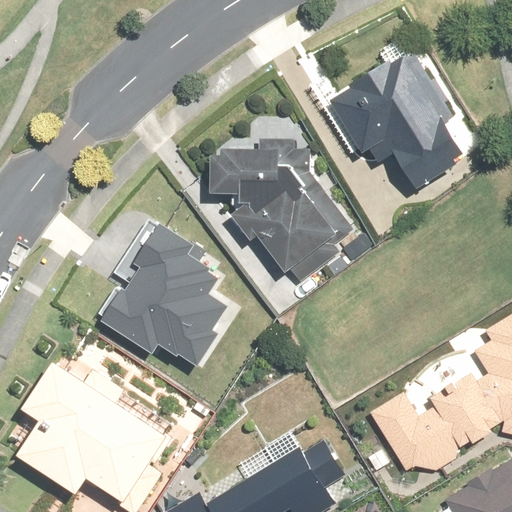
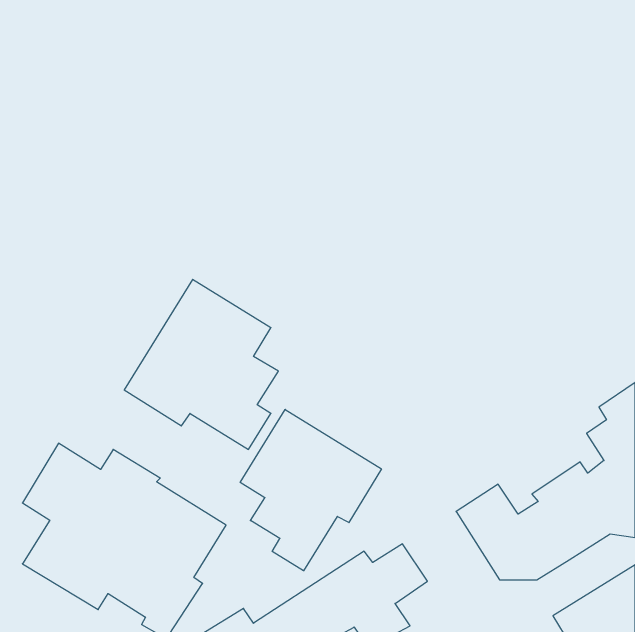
building: [333,56,464,187] -> none
building: [208,141,371,281] -> none
building: none -> [240,409,381,571]

